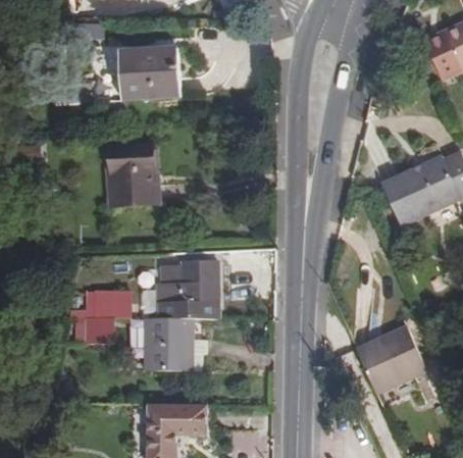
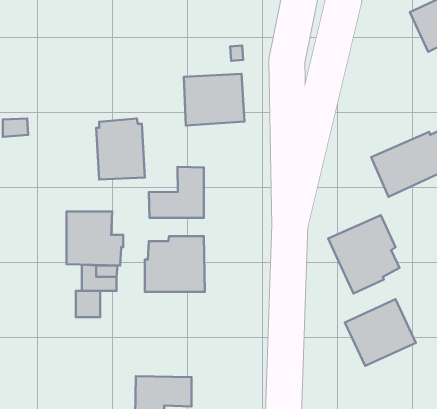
building: [119,48,181,100] -> [184,74,245,125]
building: none -> [149,167,204,218]
building: none -> [328,215,399,294]
building: [145,318,202,372] -> [66,212,123,265]

